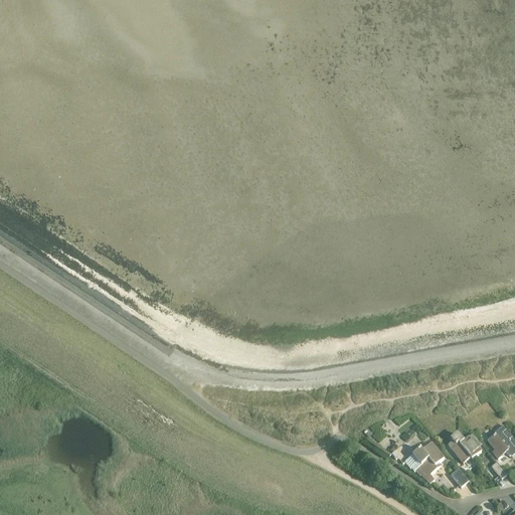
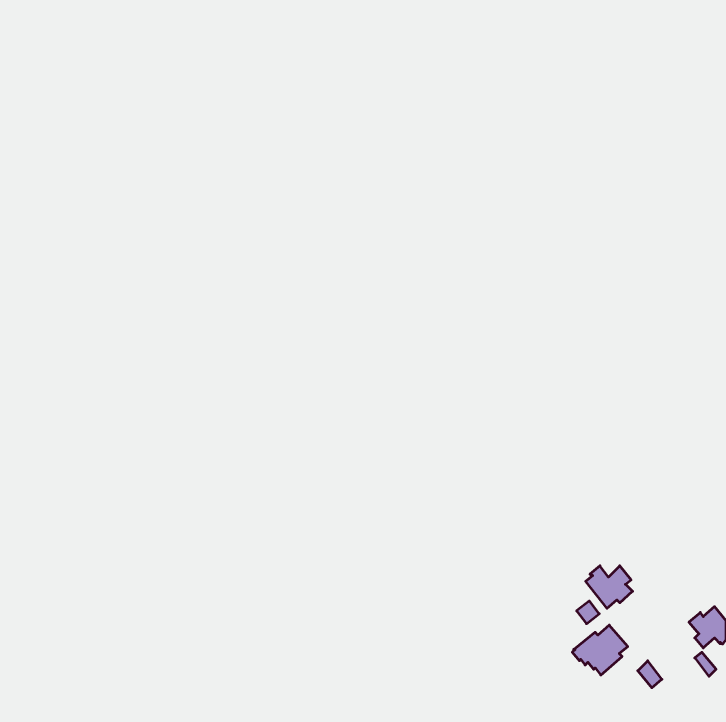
building: [448,432,481,462] -> [586,566,633,608]

